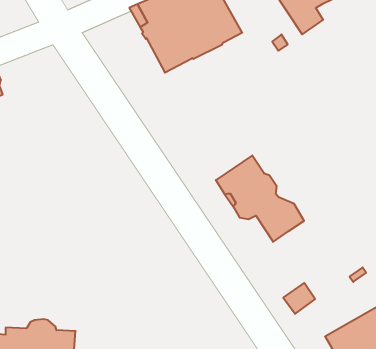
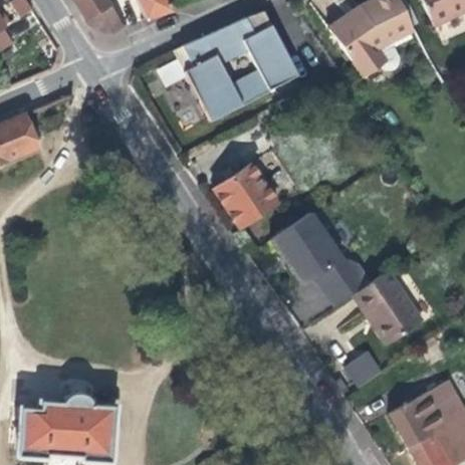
building: none -> [212,163,276,227]
building: none -> [350,271,419,345]

